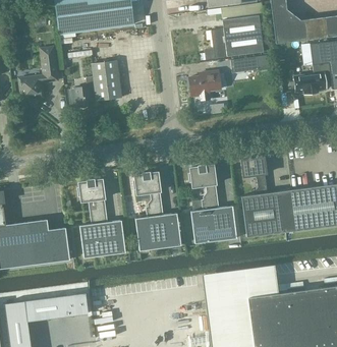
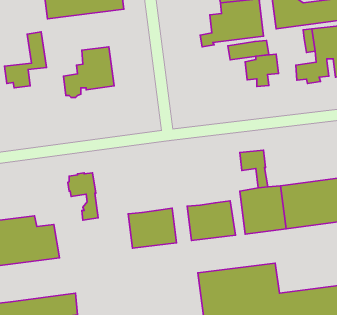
building: [188,70,220,101] -> [245,54,278,86]
building: [189,165,218,210] -> none
building: [133,172,162,217] -> none
building: [79,220,125,257] -> none

